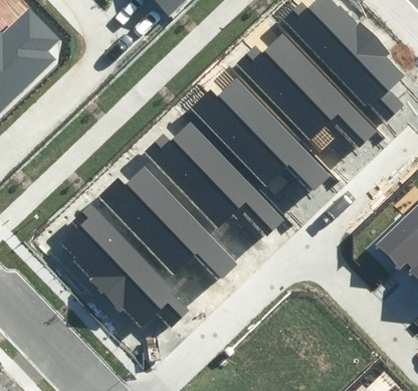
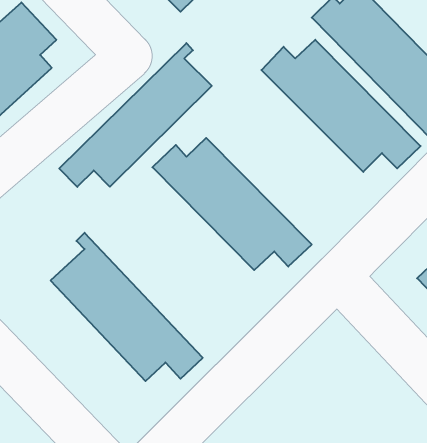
building: none -> [59,43,212,187]
building: [191,80,328,194] -> none
building: [99,169,236,282] -> none

